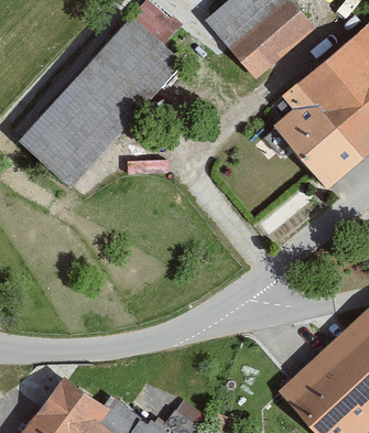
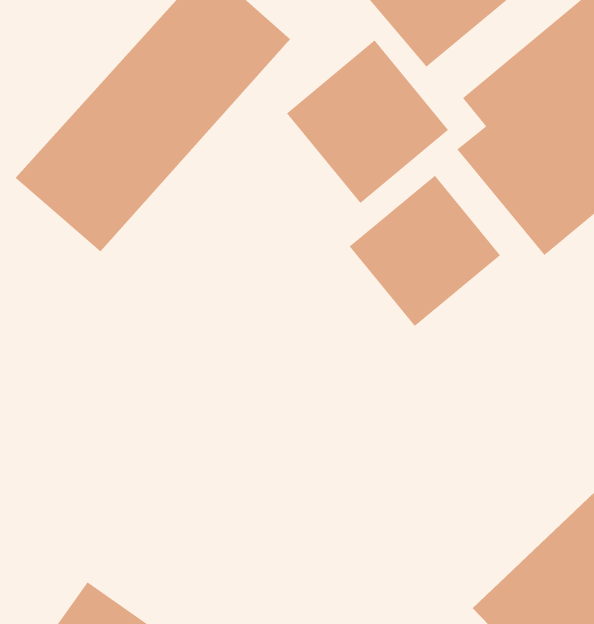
building: none -> [286,40,449,204]
building: none -> [349,175,501,327]

